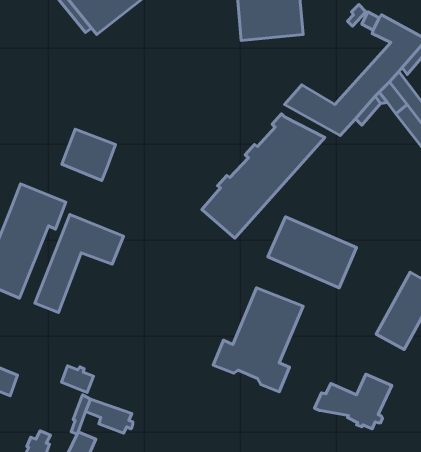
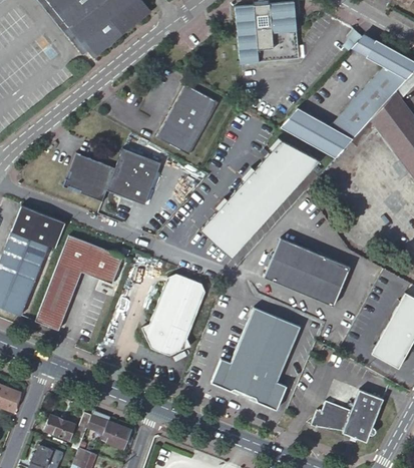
building: none -> [156,84,218,154]
building: none -> [107,147,161,203]
building: none -> [142,273,205,356]
building: [61,366,93,393] -> [43,413,74,439]

